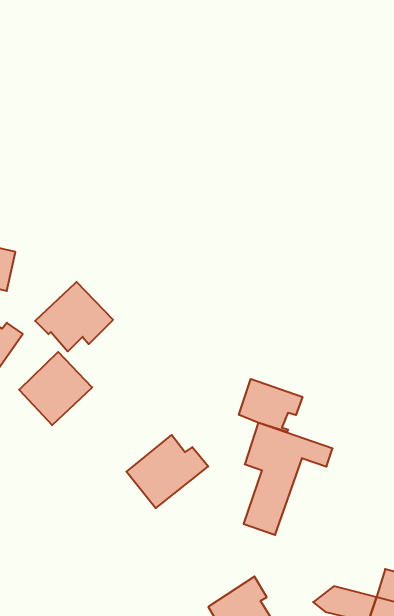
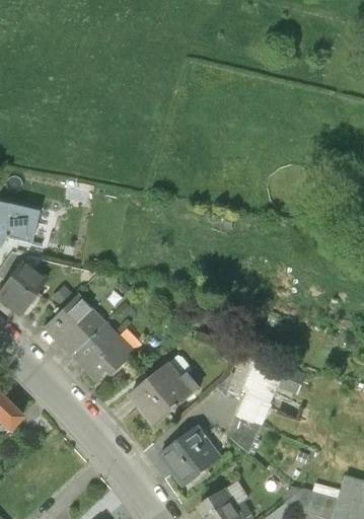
building: [35,282,113,351] -> [70,323,135,381]
building: [239,379,302,432] -> none
building: none -> [161,426,220,487]

